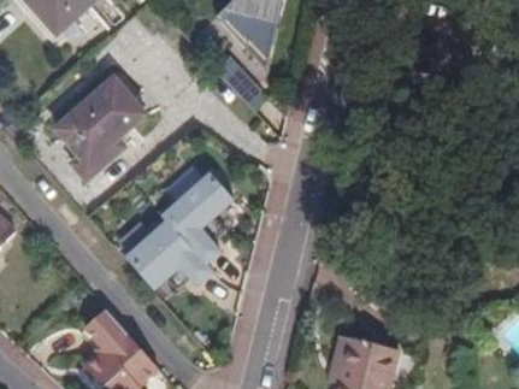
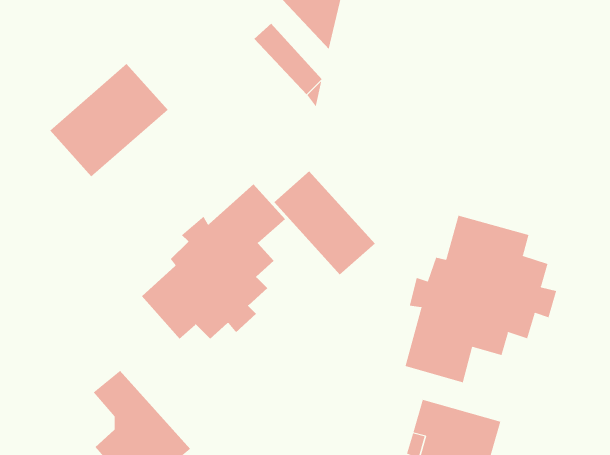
building: none -> [273,171,376,275]
building: none -> [405,215,557,383]

